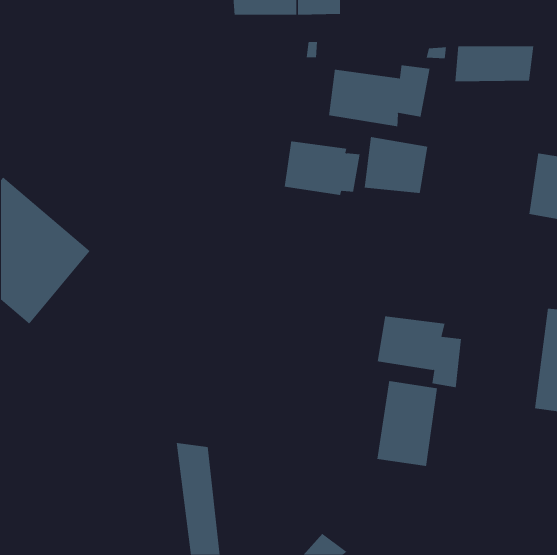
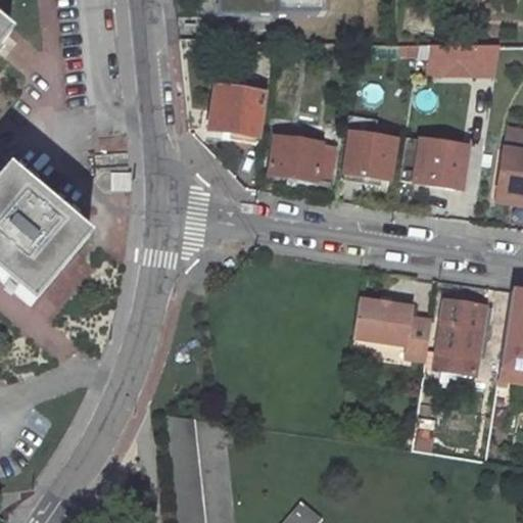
building: [328,65,430,127] -> none
building: none -> [206,83,268,139]
building: none -> [412,135,472,191]
building: [377,380,438,467] -> [432,296,489,377]

